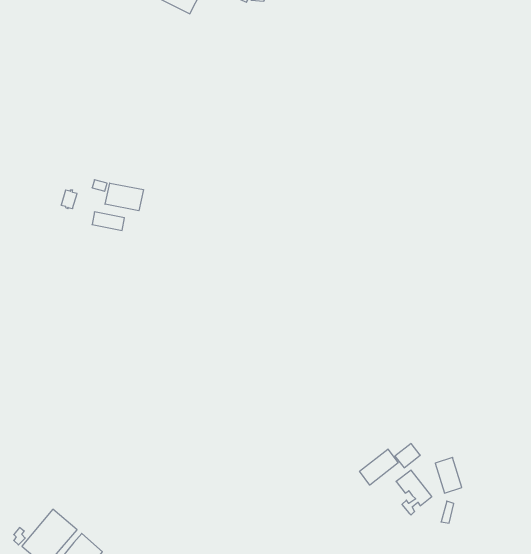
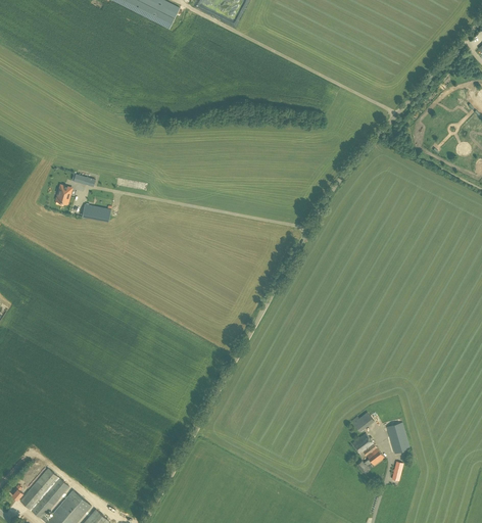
building: [105,183,143,211] -> none
building: [360,449,398,485] -> none

